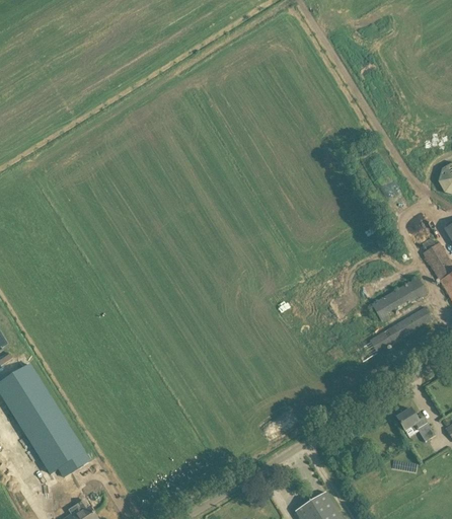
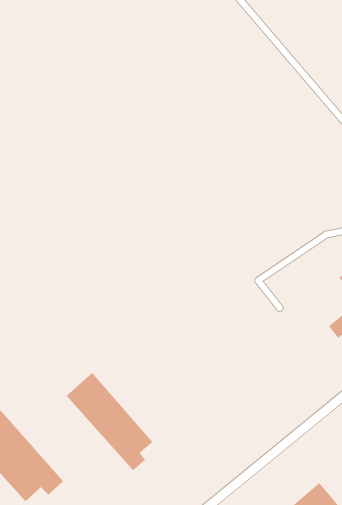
building: none -> [66,372,153,471]

